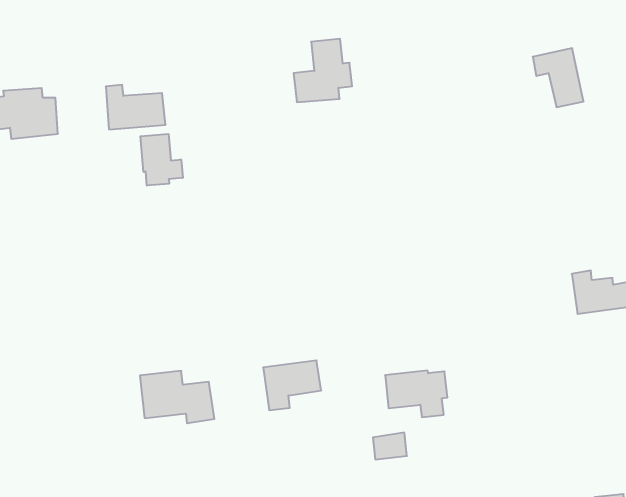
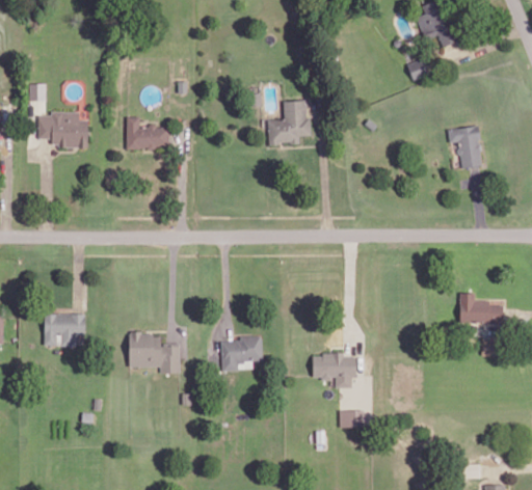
building: [140,134,183,186] -> none
building: none -> [44,314,85,346]
building: [373,433,407,459] -> [340,409,364,427]

